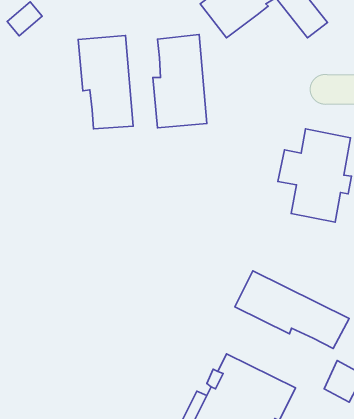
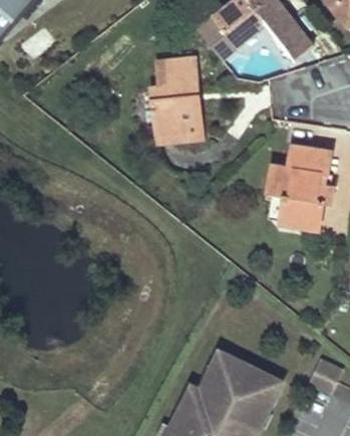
building: [78,35,133,129] -> none
building: [235,271,349,348] -> none

